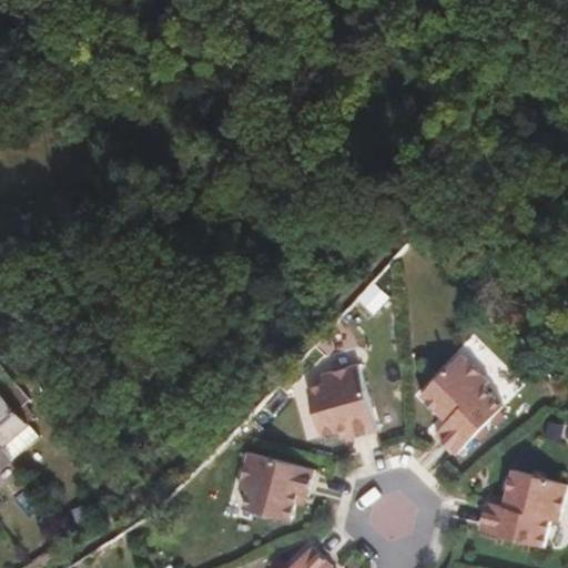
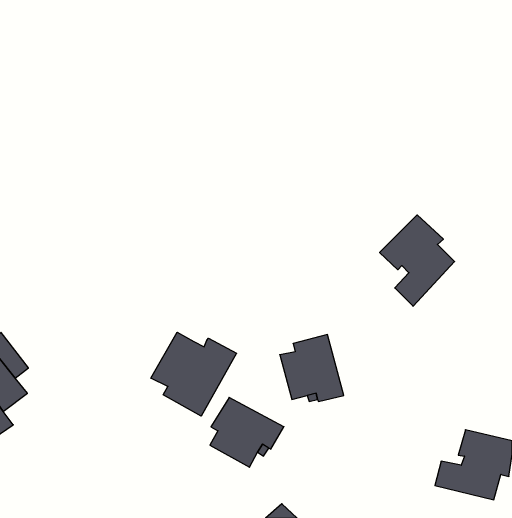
building: [417,357,499,457] -> [380,215,455,306]
building: none -> [151,332,237,416]

